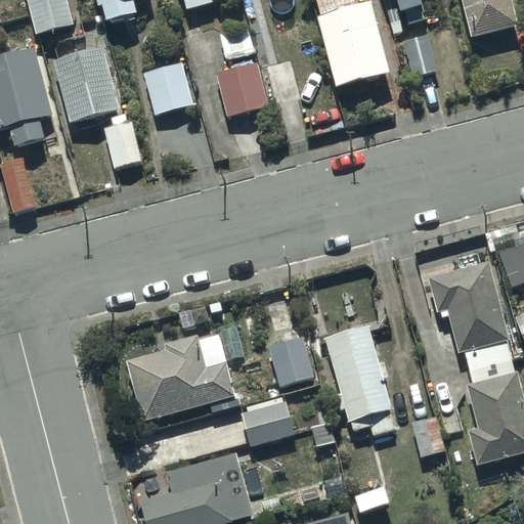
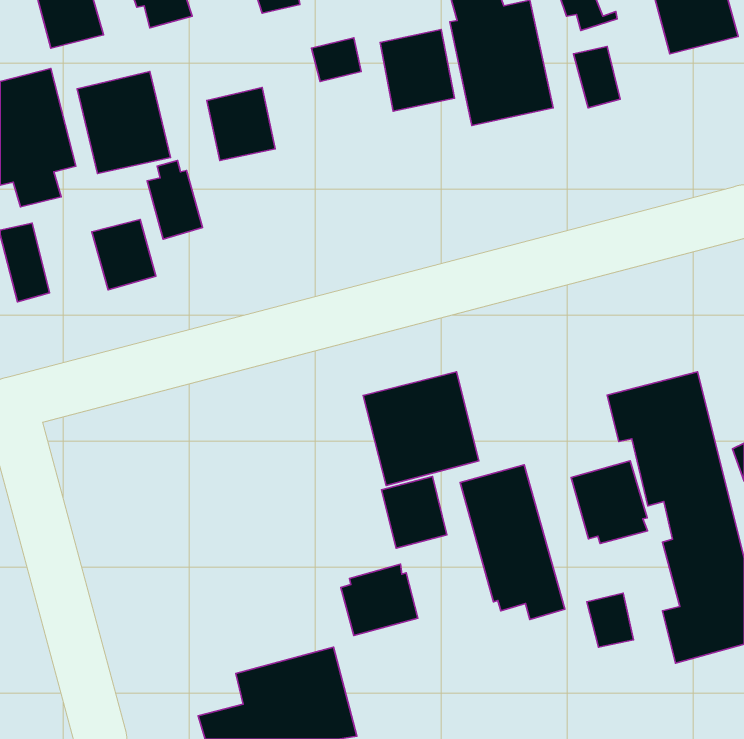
building: [216,60,268,118] -> [380,30,454,111]
building: none -> [92,219,156,290]
building: none -> [363,372,479,485]
building: none -> [571,461,648,544]
building: [126,336,234,422] -> none

